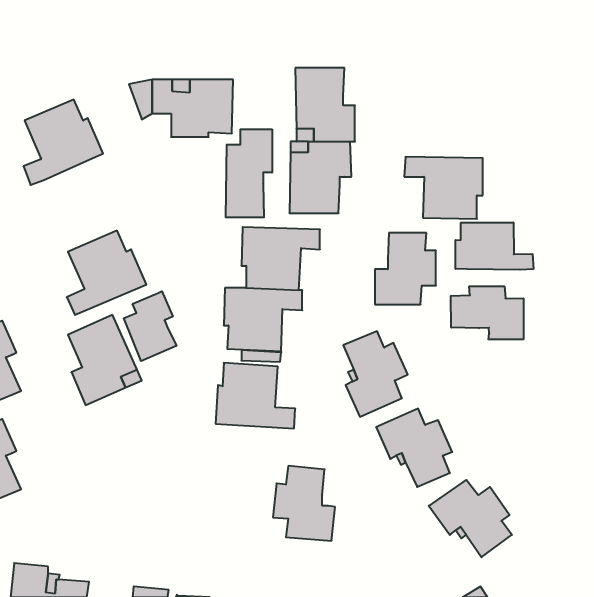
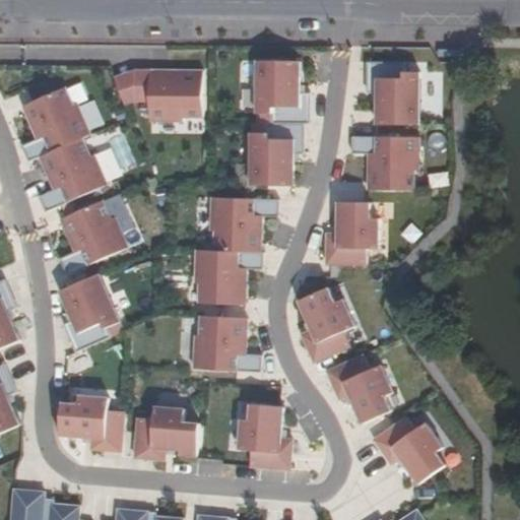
building: none -> [365,61,417,124]
building: [226,129,272,217] -> none
building: none -> [37,137,106,211]
building: [456,222,533,270] -> none
building: [451,286,523,339] -> none
building: [124,291,176,361] -> none
building: none -> [58,394,123,450]
building: none -> [133,406,199,459]

